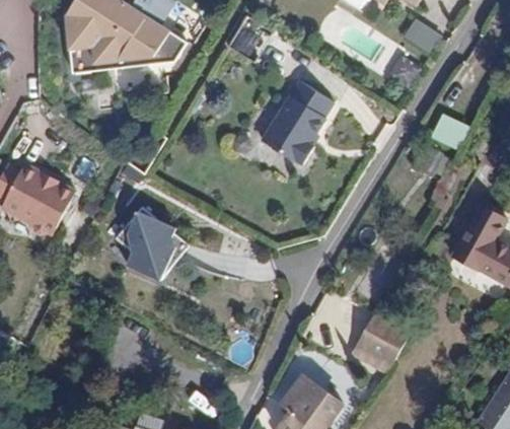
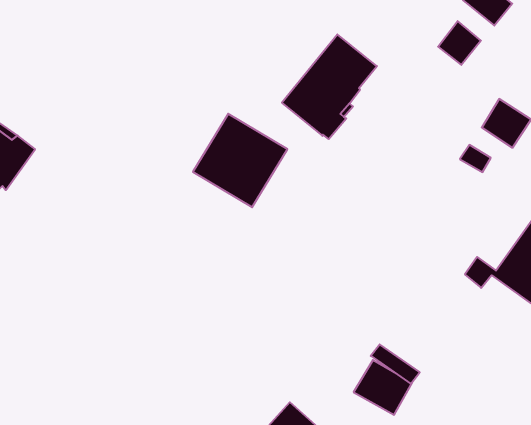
building: [110,210,183,282] -> [193,114,287,207]

